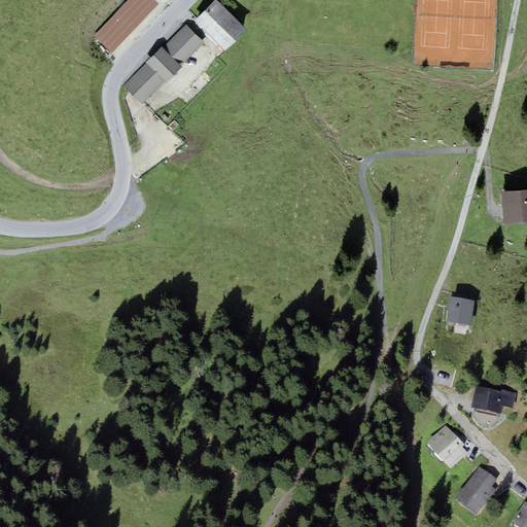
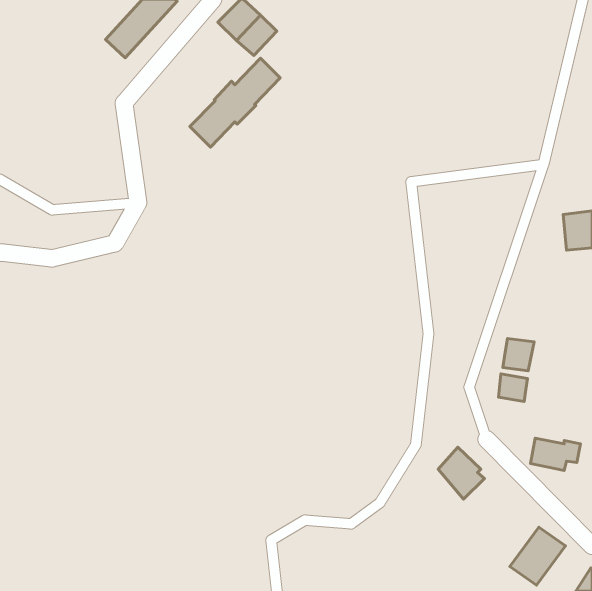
building: [124,24,204,103] -> [190,58,280,147]
building: none -> [498,374,527,402]
building: [427,426,468,472] -> [438,447,484,499]

